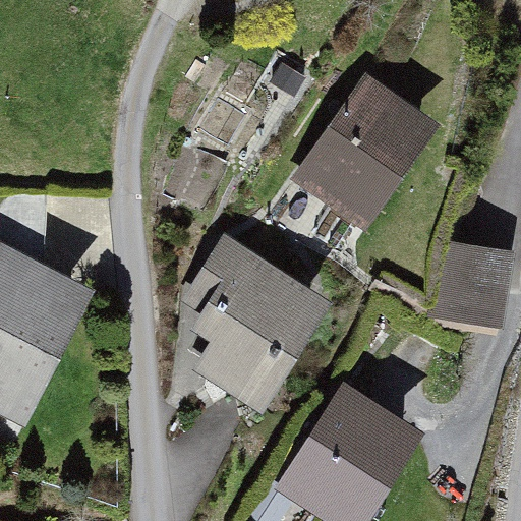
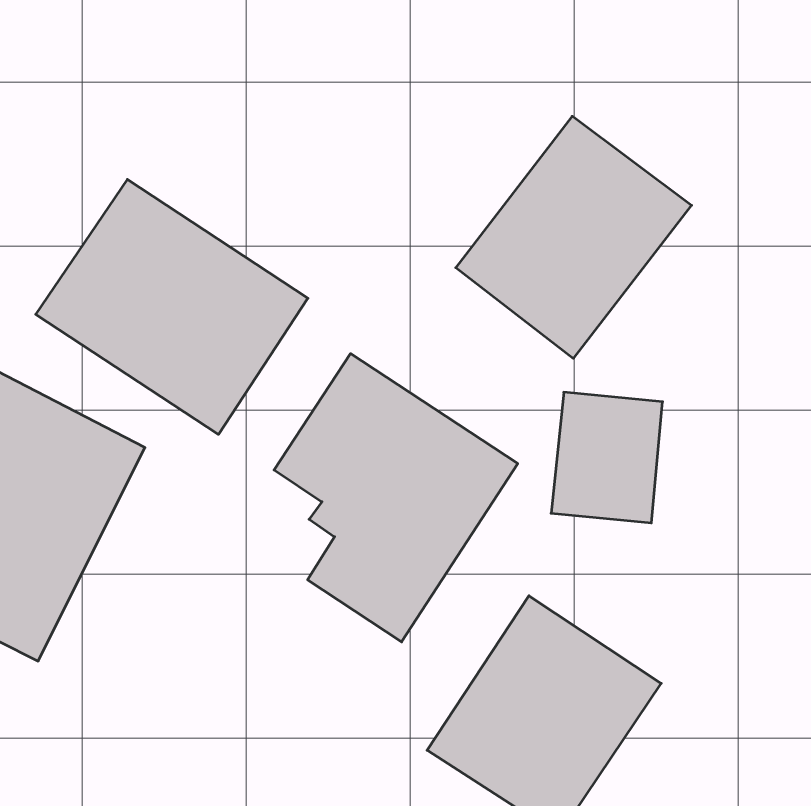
building: none -> [36,179,308,434]
building: [441,239,512,323] -> [551,392,663,523]

